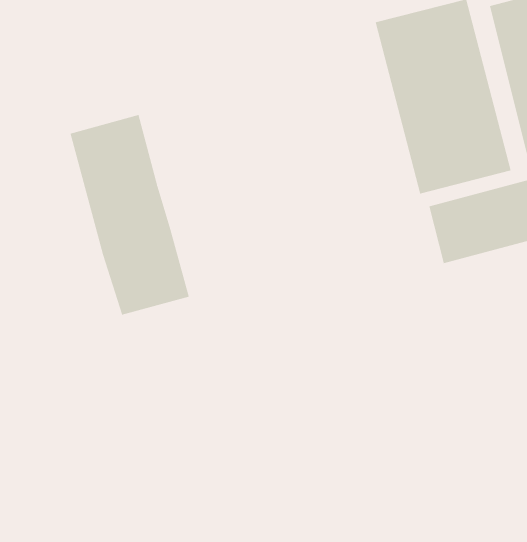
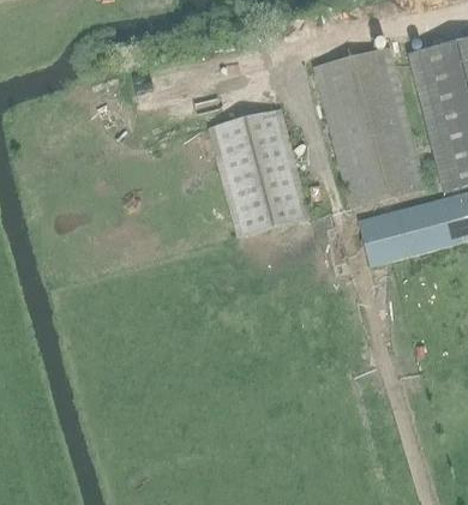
building: none -> [209,109,310,236]
building: [70,114,189,316] -> none

